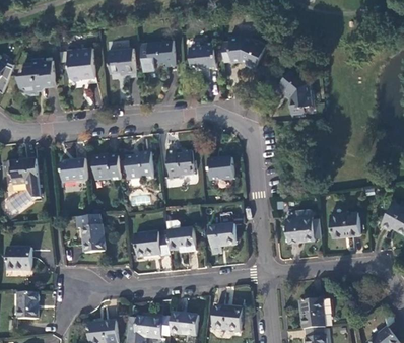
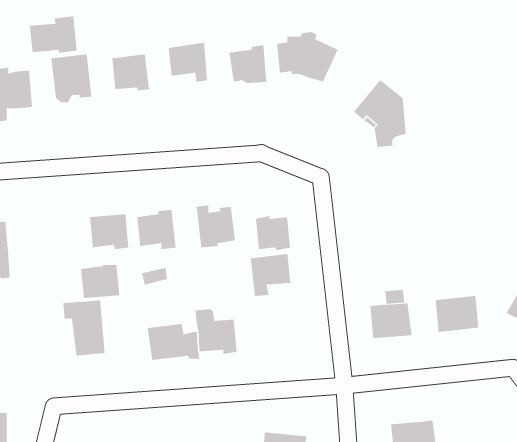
building: none -> [29,15,77,53]
building: [60,158,87,182] -> [80,264,120,298]
building: [208,223,237,253] -> [250,254,291,297]

